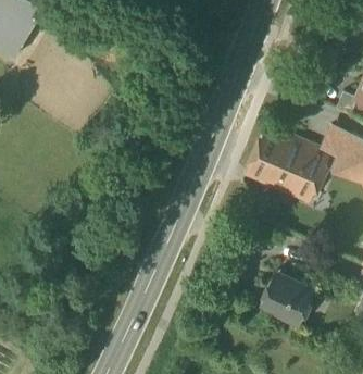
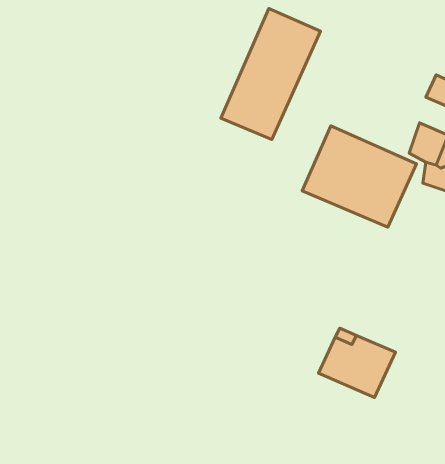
building: none -> [221,9,321,139]

